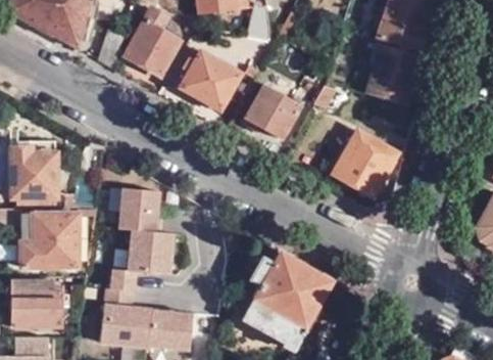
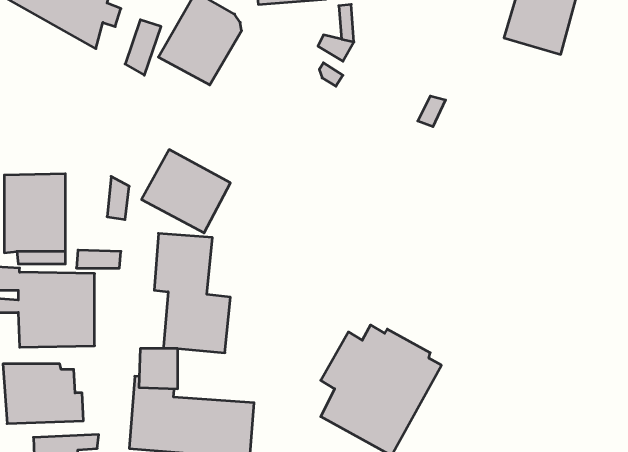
building: [364,46,420,108] -> none
building: [174,49,239,110] -> [142,150,230,233]
building: [240,85,308,138] -> none
building: [334,132,398,197] -> none

